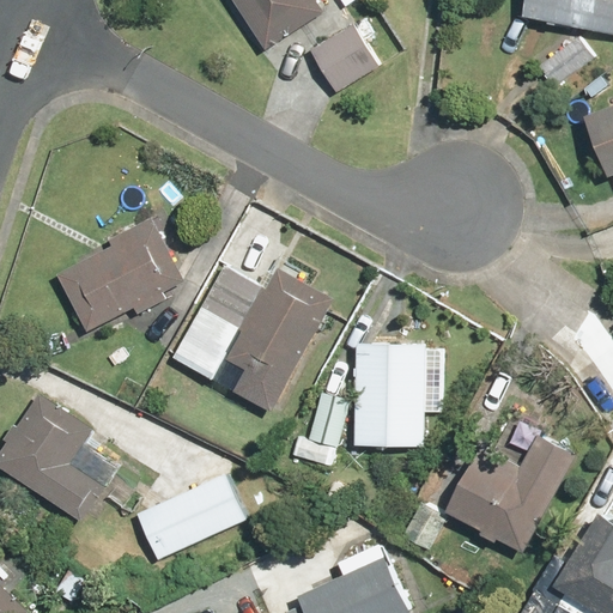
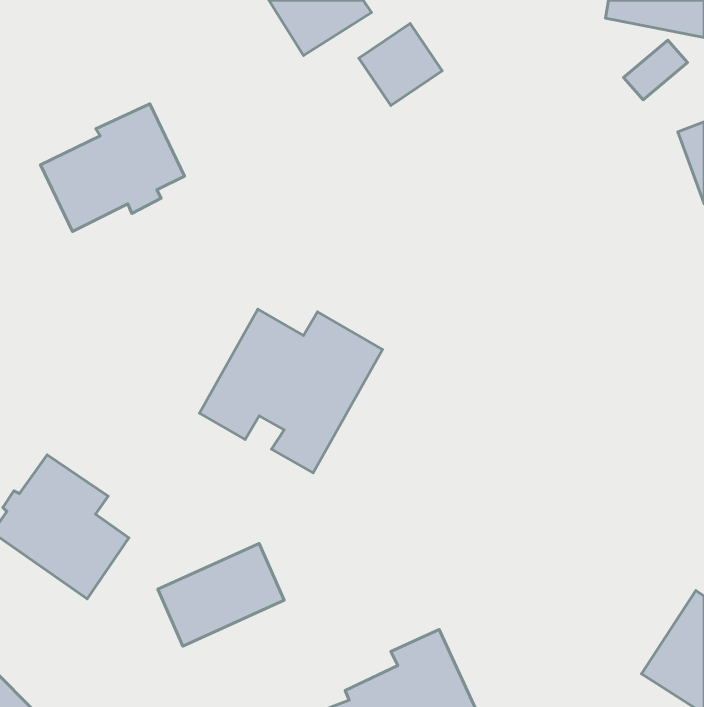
building: [57,220,182,330] -> [41,104,185,231]
building: [292,345,424,467] -> none
building: [444,435,578,556] -> none

